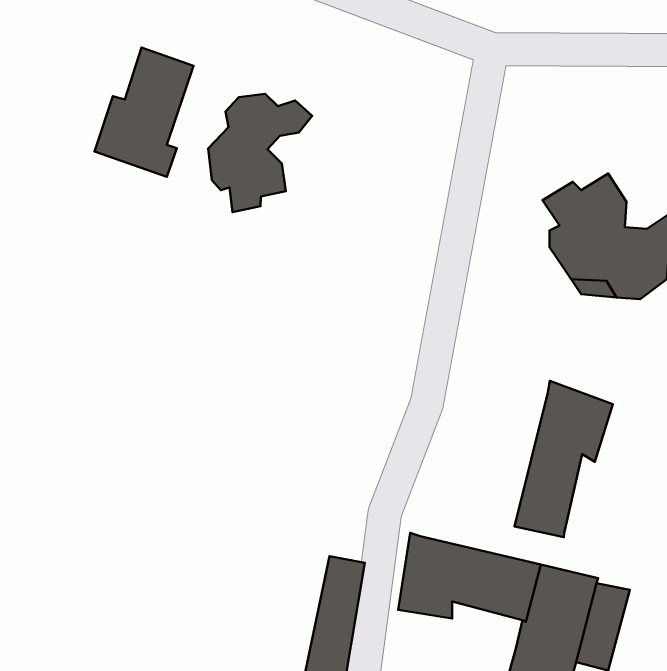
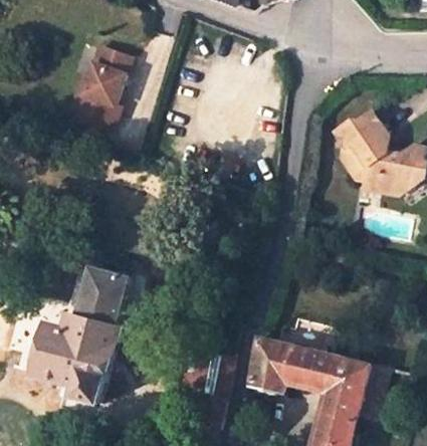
building: [208,94,312,212] -> none
building: [514,381,613,537] -> none
building: none -> [33,265,125,399]

